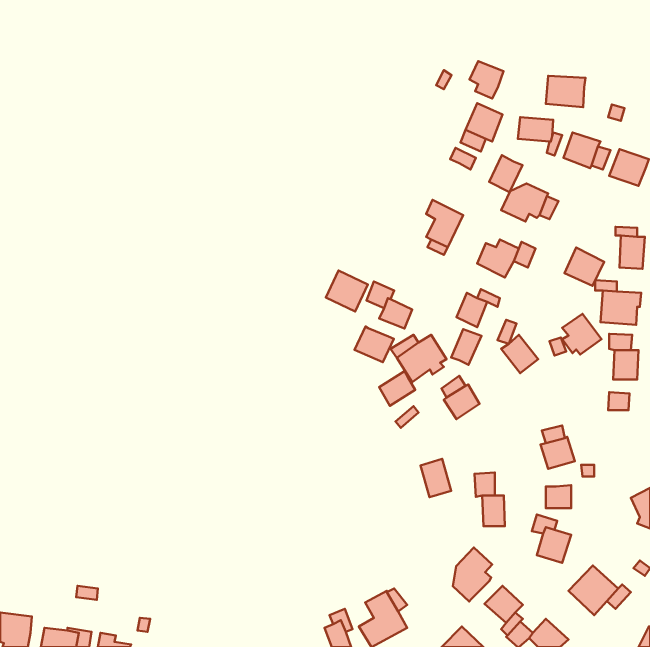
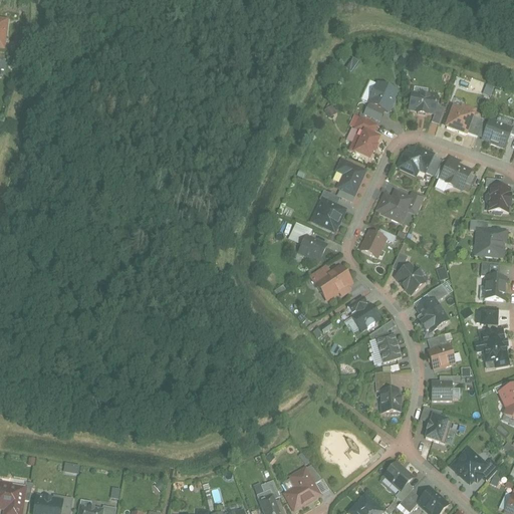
building: [470,61,504,99] -> none
building: [546,76,585,107] -> none
building: [489,155,522,192] -> [352,128,378,158]
building: [565,248,604,286] -> [439,158,470,188]
building: [326,271,368,311] -> [311,199,344,231]
building: [562,314,602,355] -> [418,299,449,331]
building: [354,326,394,362] -> none
building: [451,329,481,365] -> none
building: [379,371,415,406] -> none
building: none -> [475,328,507,365]
building: [421,459,451,497] -> [375,333,400,363]
building: [453,548,492,601] -> none

